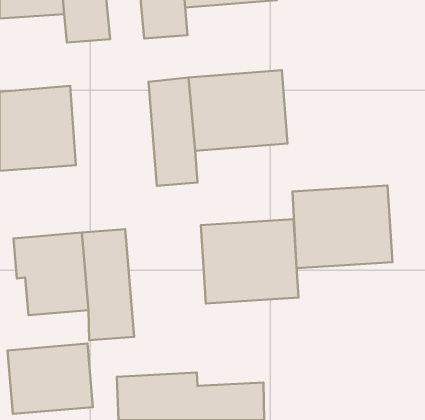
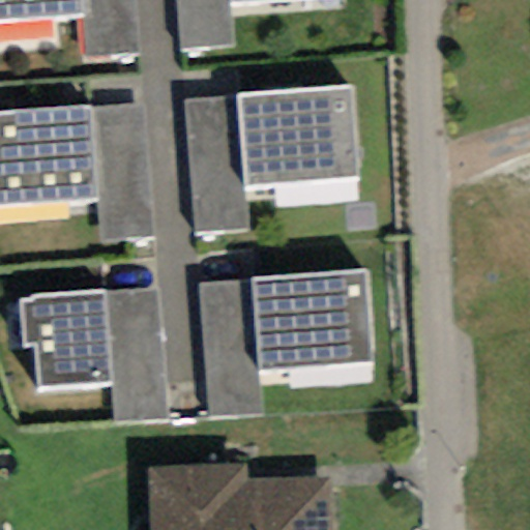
building: none -> [87,102,151,239]
building: [292,186,392,268] -> none
building: none -> [198,279,259,416]
building: [7,344,93,414] -> none

